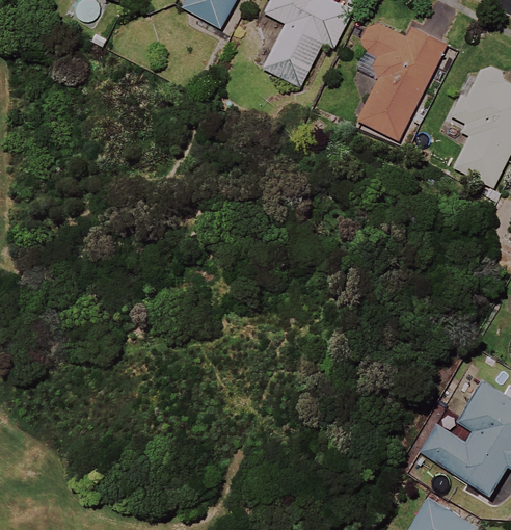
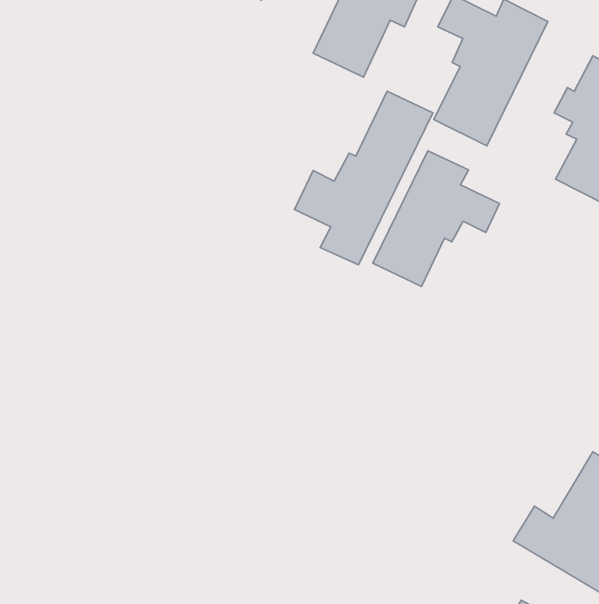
building: none -> [294,91,433,265]
building: none -> [373,151,500,286]

